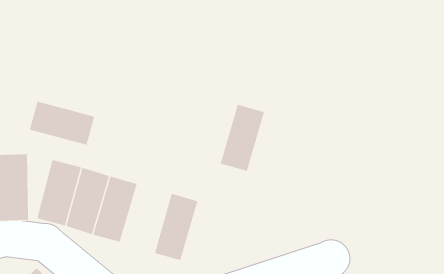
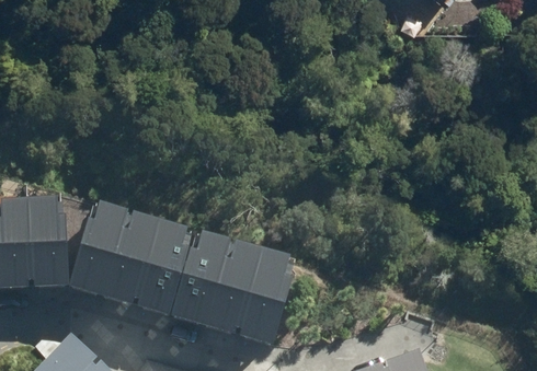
building: [29,101,95,145] -> none
building: [220,104,265,172] -> [236,266,287,343]
building: none -> [173,247,225,325]

